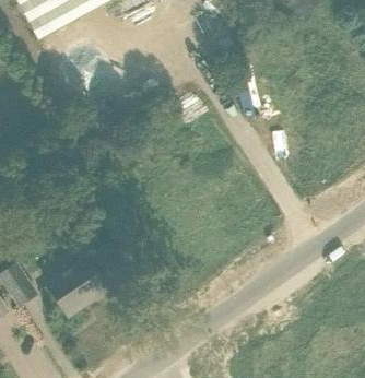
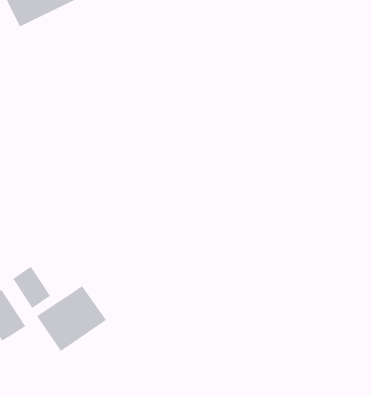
building: none -> [12,266,51,309]

